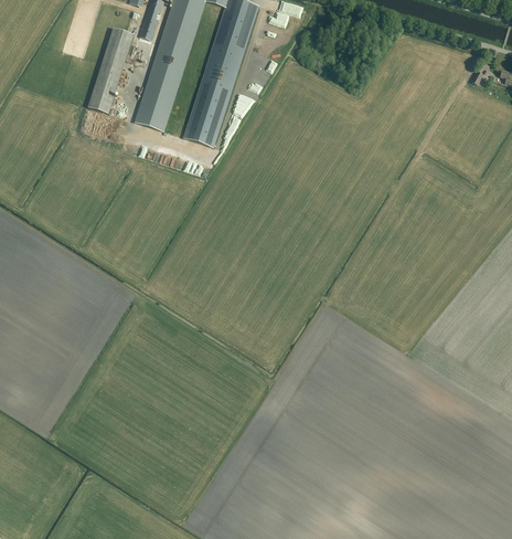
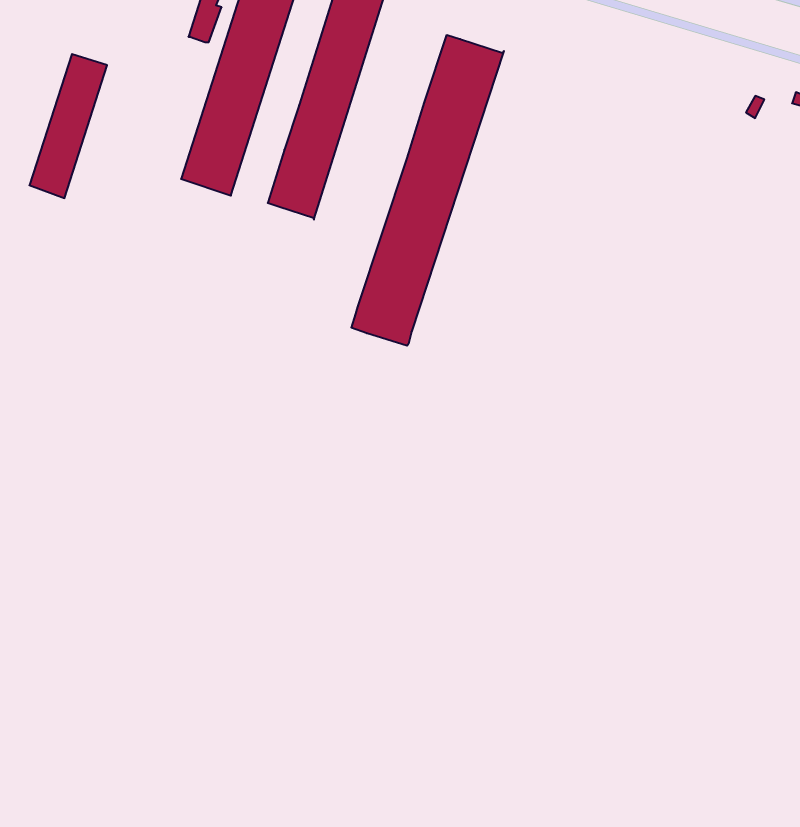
building: [86,28,132,114] -> [29,54,107,198]
building: none -> [351,35,504,346]

